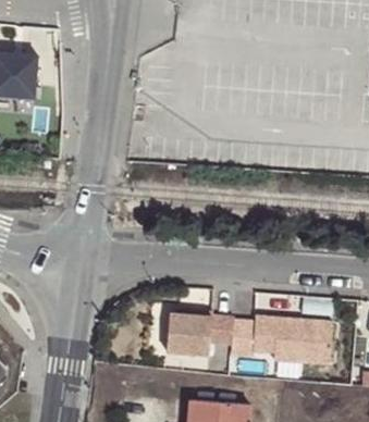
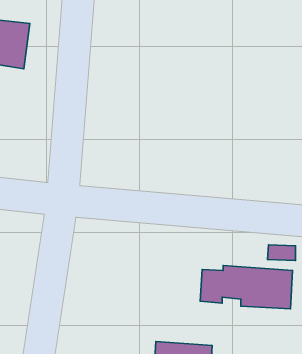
building: [167,312,232,359] -> none

